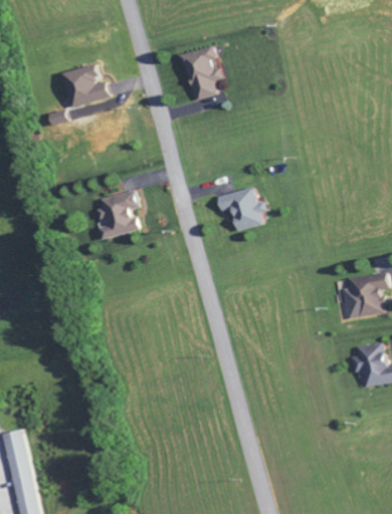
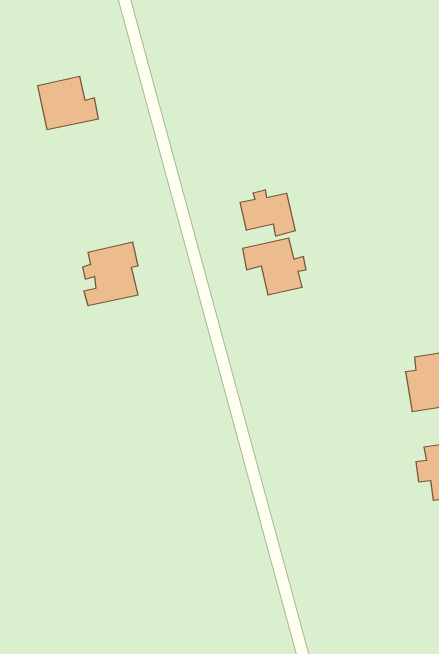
building: [183,46,223,100] -> none
building: none -> [240,190,295,236]

